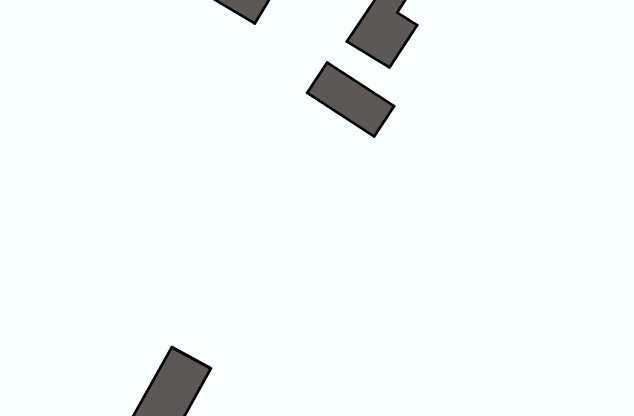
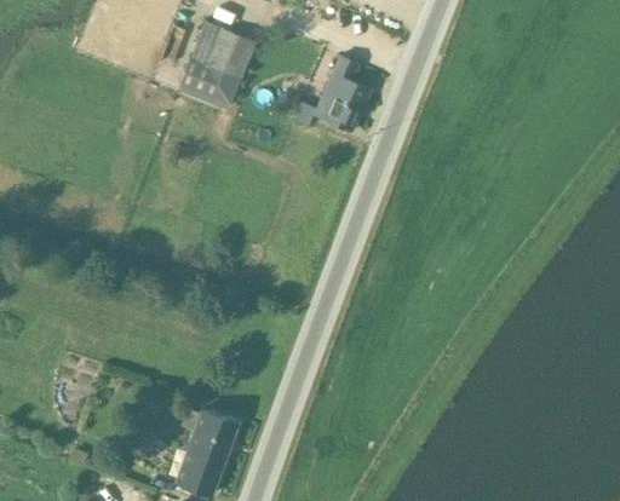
building: [307,62,394,136] -> none

